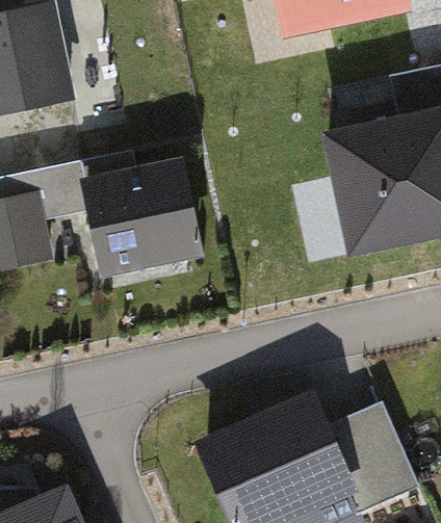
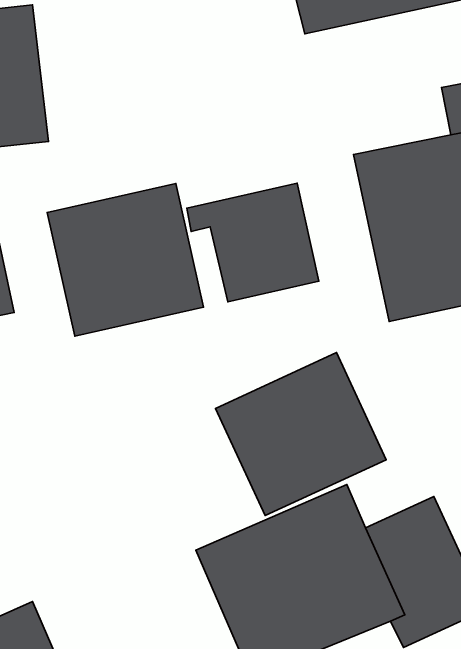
building: none -> [187,183,319,302]
building: none -> [216,353,386,516]

